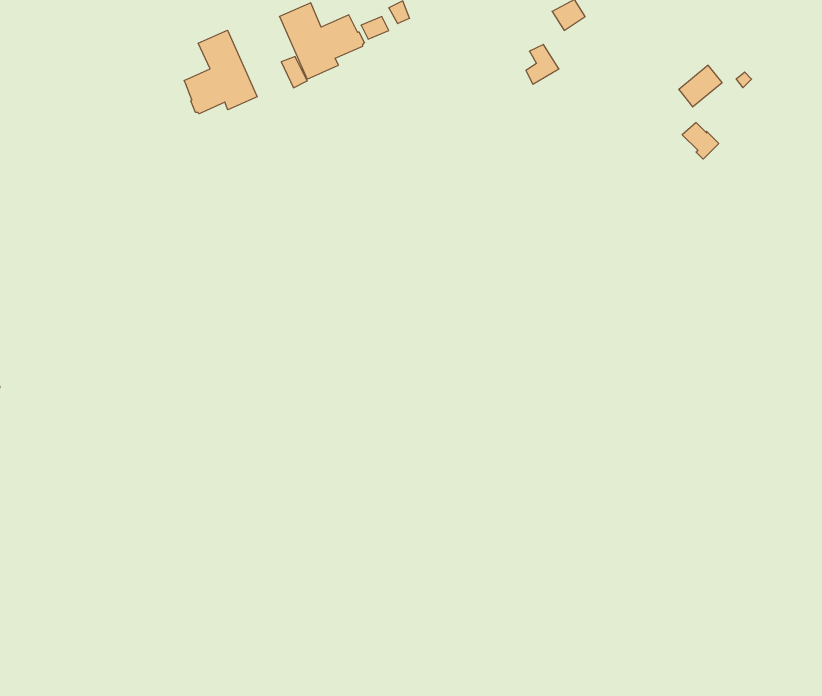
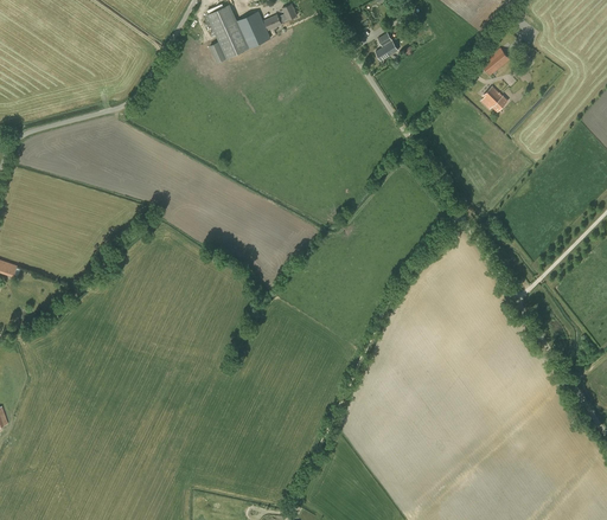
building: [184,30,257,114] -> none

